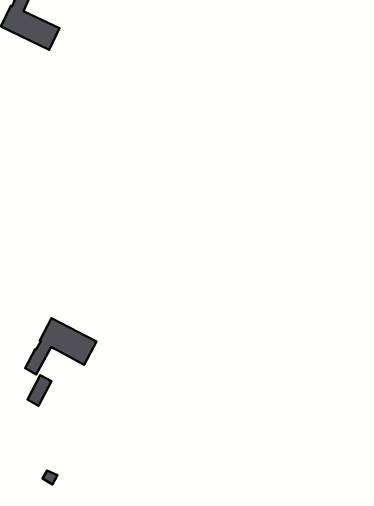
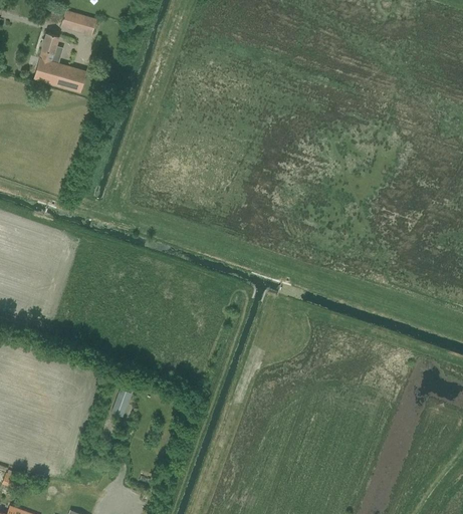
building: [25,318,97,374] -> none

